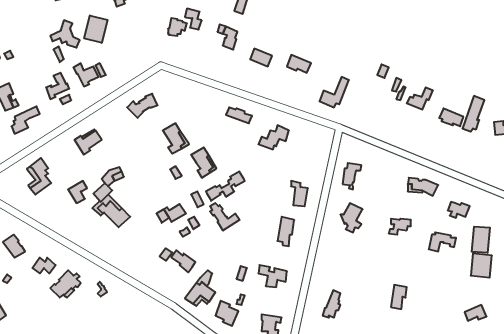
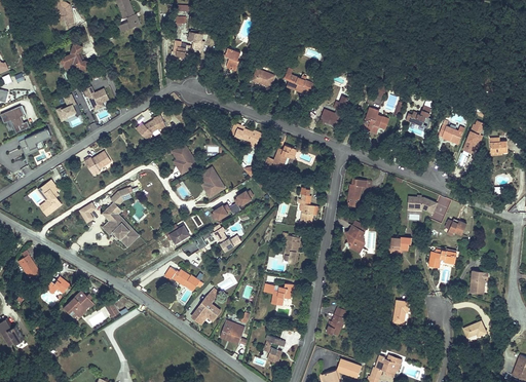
building: [84,15,108,43] -> none
building: none -> [363,109,391,136]
building: [472,227,490,253] -> none

